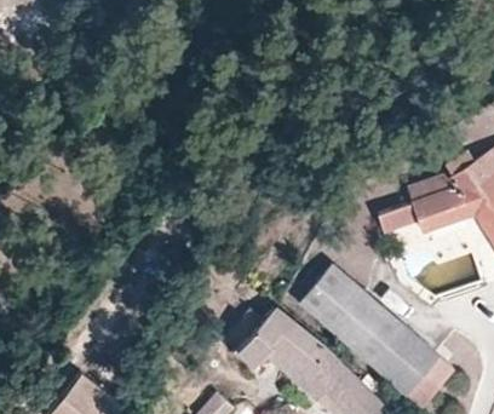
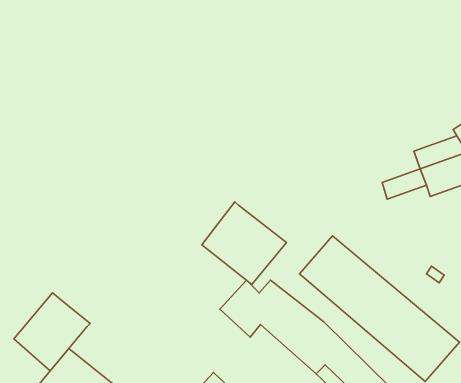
building: none -> [202,202,287,285]
building: none -> [14,293,90,371]

